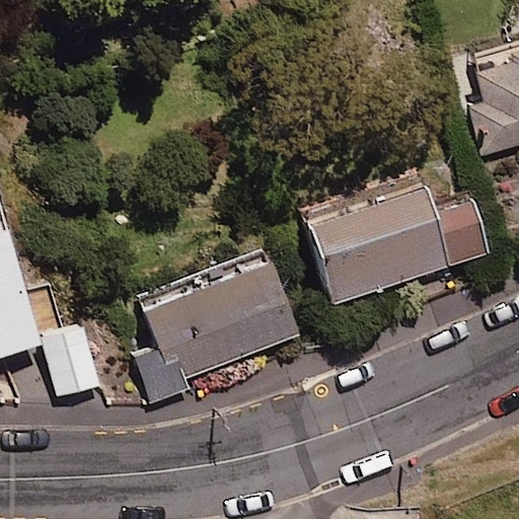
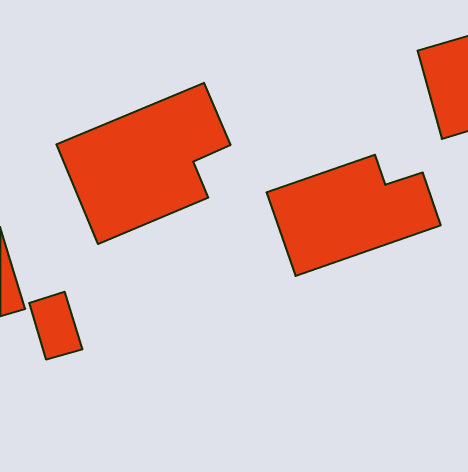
building: none -> [56,83,230,244]
building: [121,254,299,406] -> none

